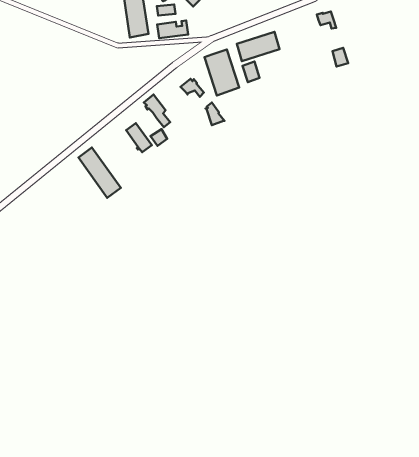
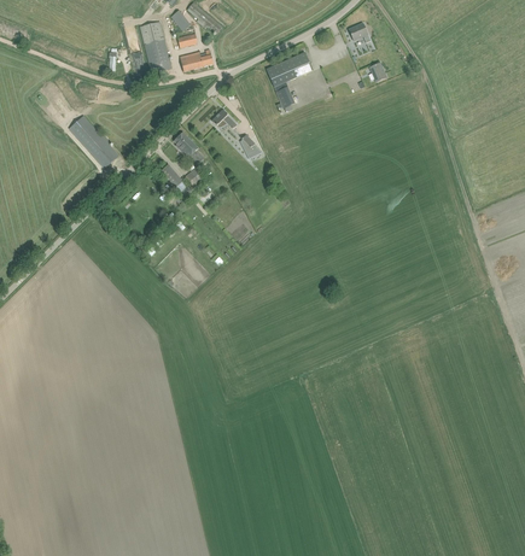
building: [204,49,239,95] -> none
building: [78,147,121,198] -> [70,116,118,168]

